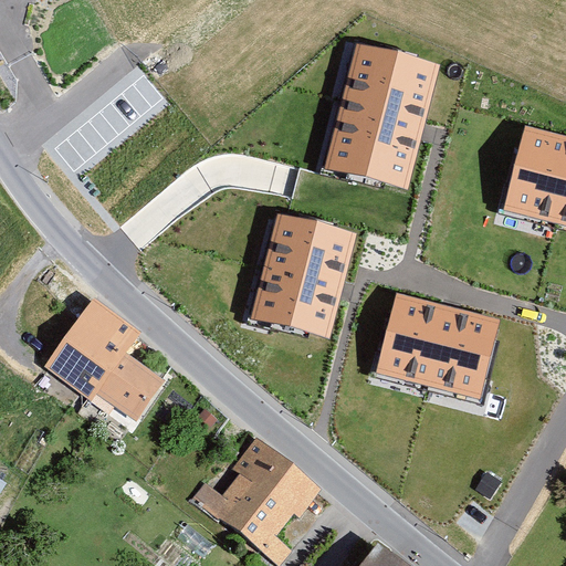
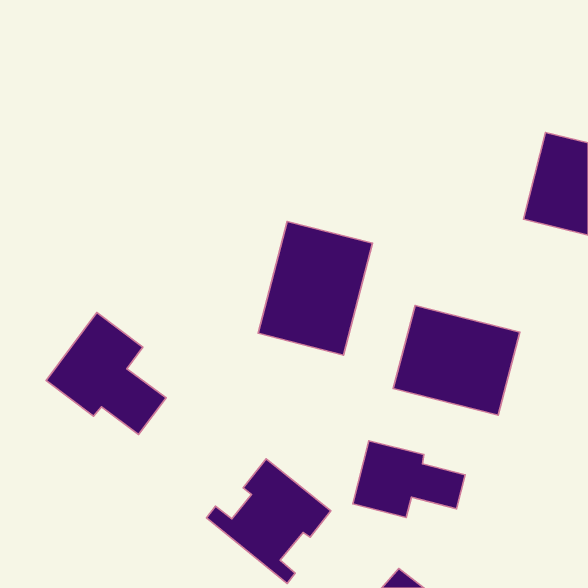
building: [323,42,440,189] -> none
building: none -> [353,441,465,517]

